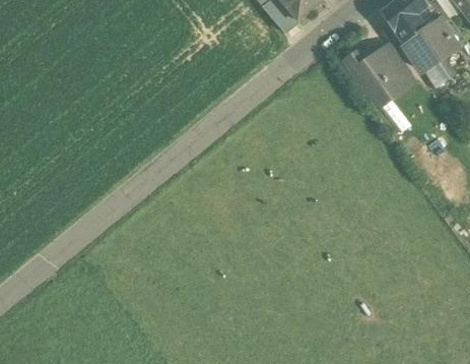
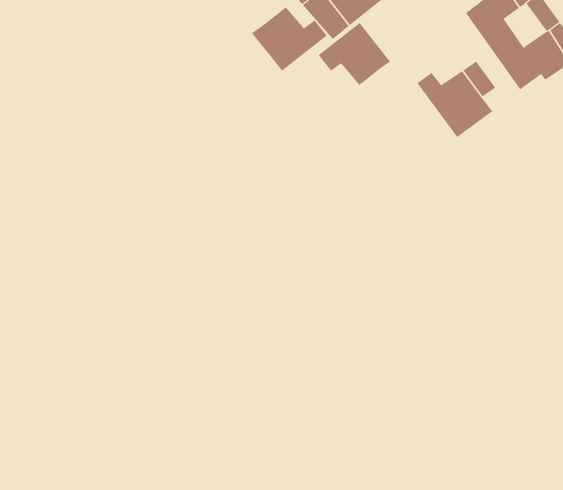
building: none -> [251,6,328,72]
building: none -> [318,22,391,86]

